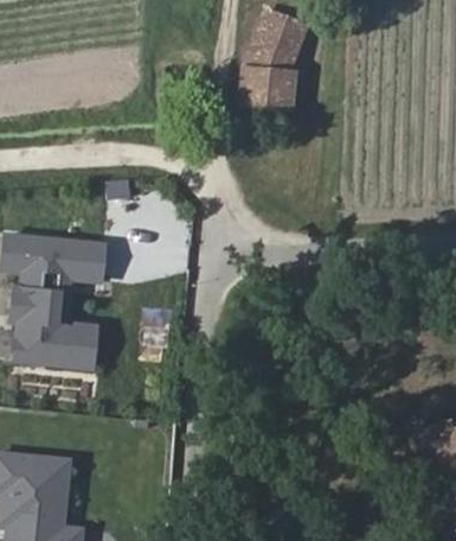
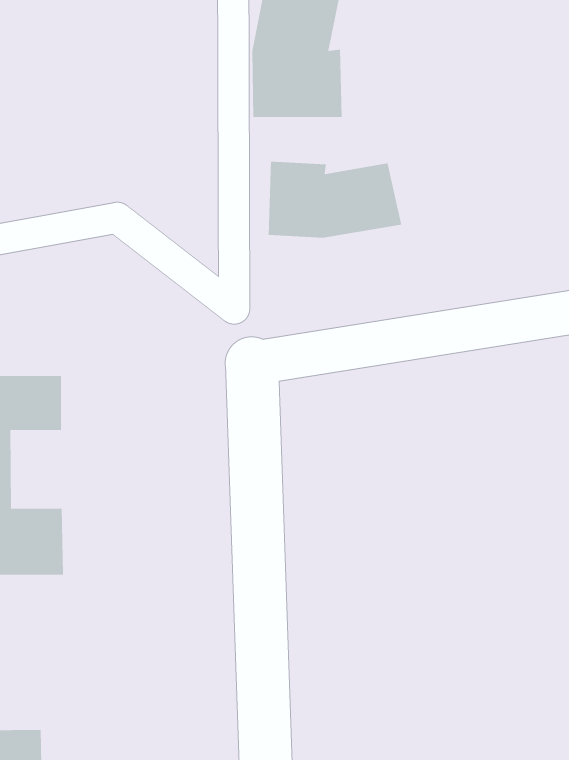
building: none -> [268,161,402,238]

